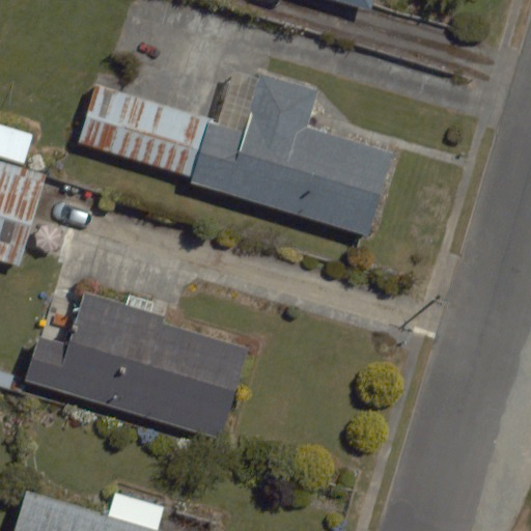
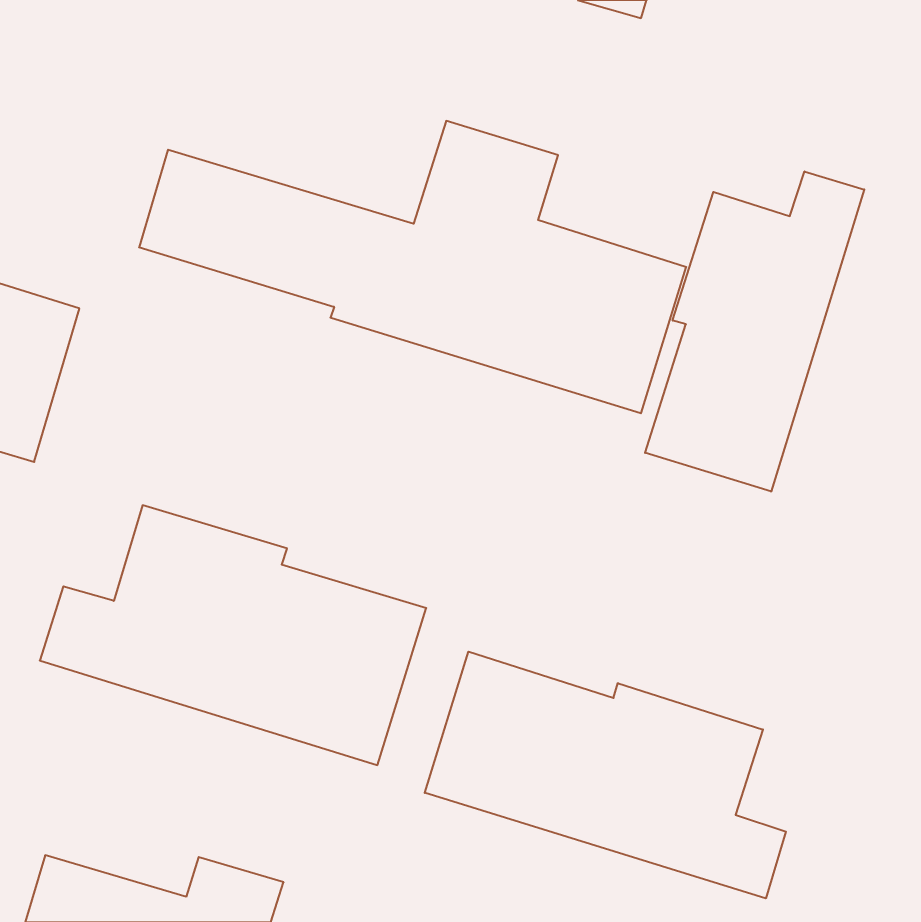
building: none -> [645,171,864,492]
building: none -> [425,652,786,898]

